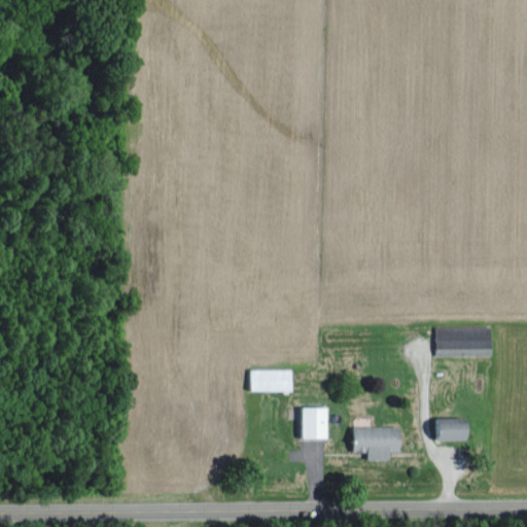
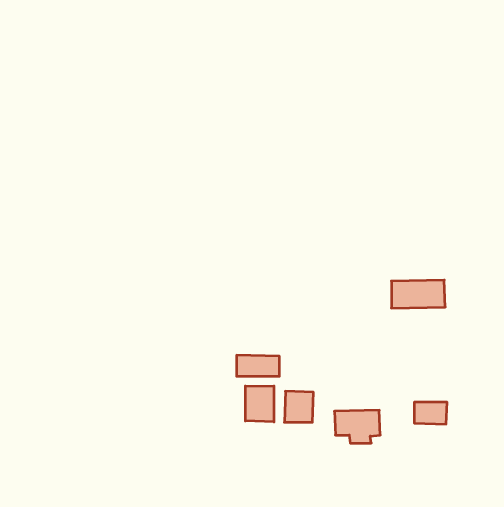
building: [436,327,492,356] -> [391,280,445,308]
building: none -> [245,386,274,422]

